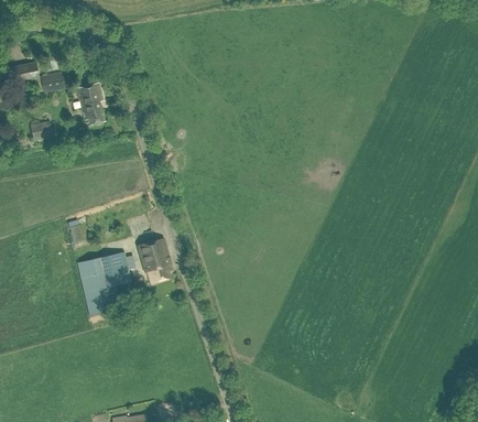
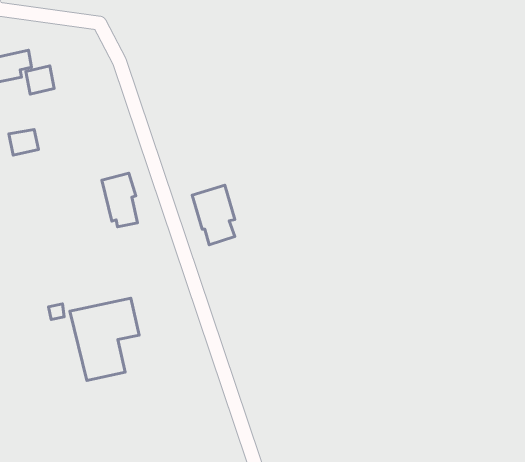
building: [77,82,105,123] -> [102,173,137,227]
building: [138,237,171,283] -> [192,185,235,245]

